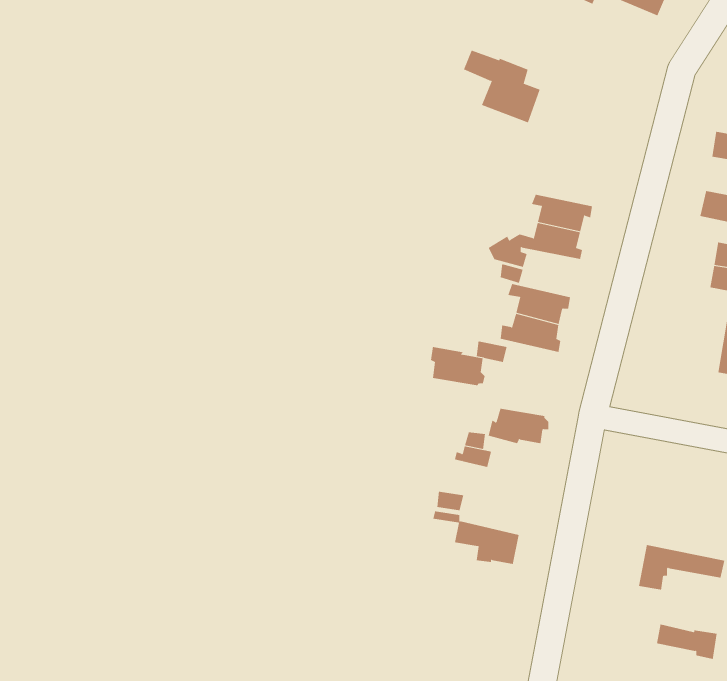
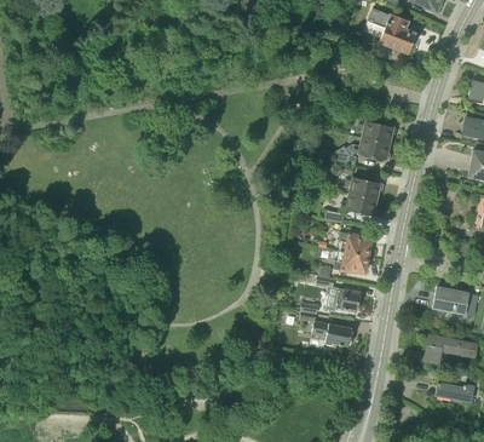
building: [463,50,540,123] -> [369,8,416,53]
building: [430,346,486,386] -> [339,231,373,256]
building: none -> [327,287,361,310]
building: none -> [433,287,468,314]

